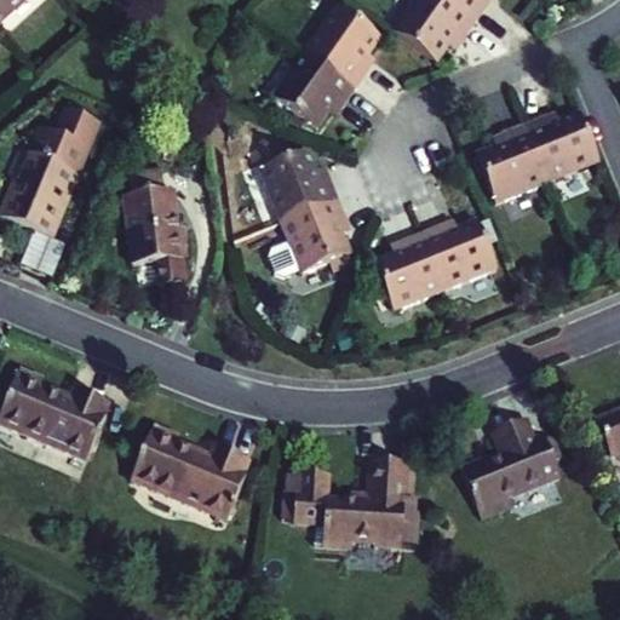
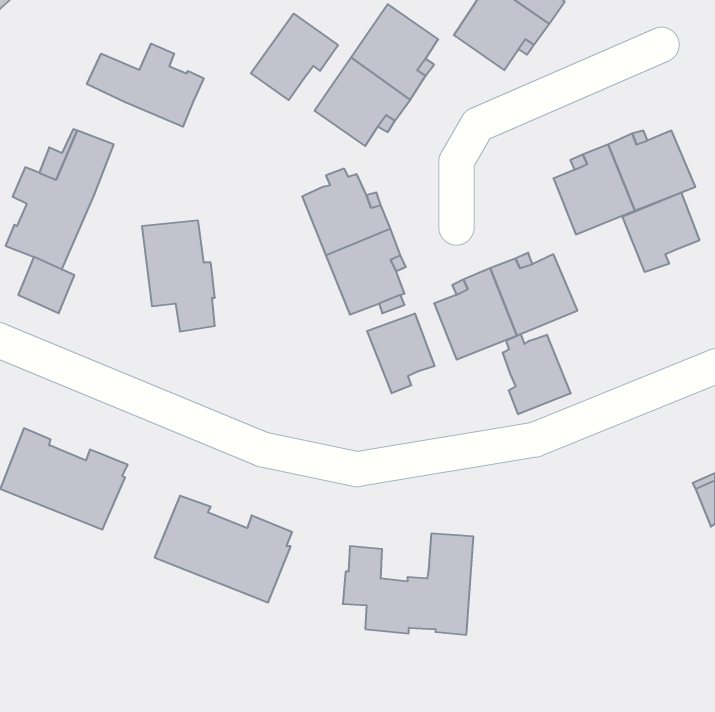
building: none -> [251,14,338,100]
building: none -> [87,44,204,127]
building: none -> [622,192,699,272]
building: none -> [367,313,434,393]
building: none -> [503,334,571,414]
building: [463,419,561,516] -> none

